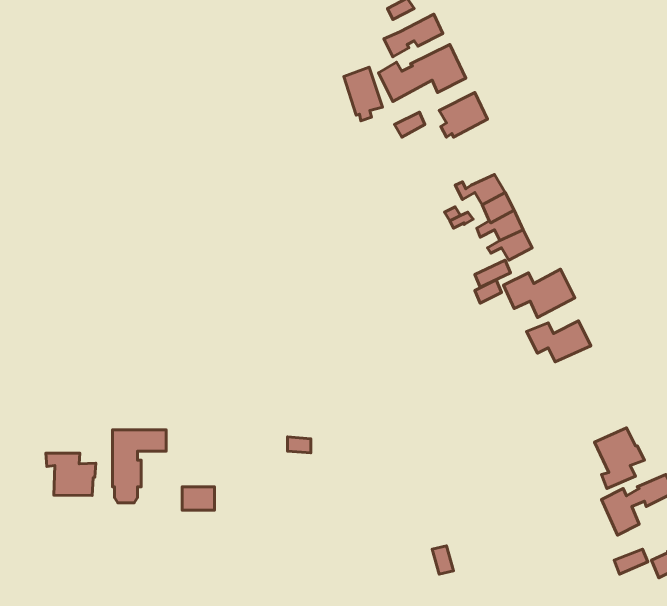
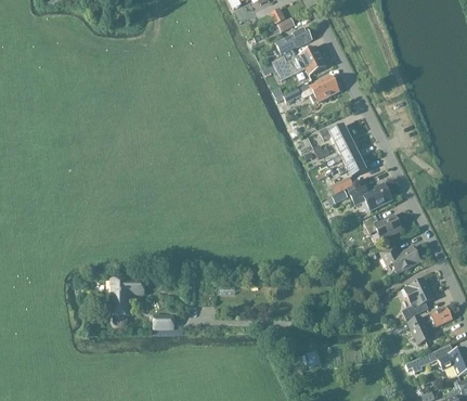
building: [344,67,383,121] -> none
building: none -> [379,245,423,274]
building: [46,453,96,495] -> none

